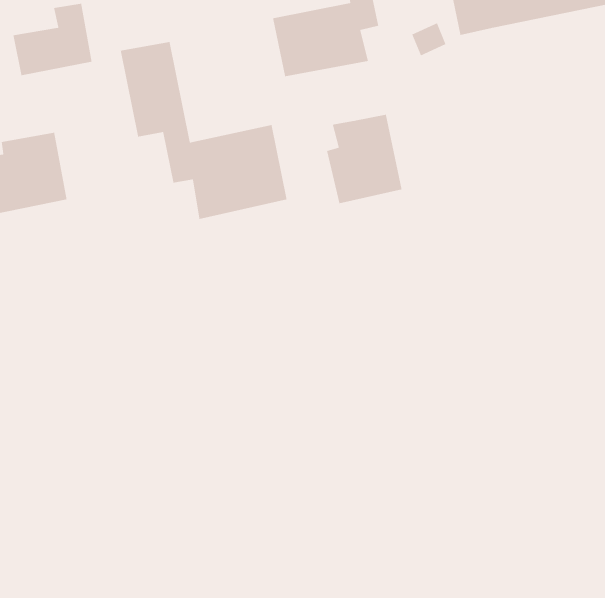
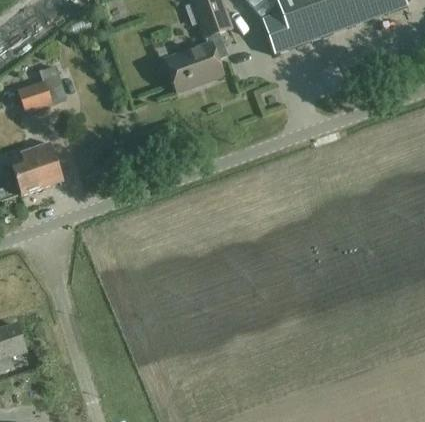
building: [120,41,287,220] -> none
building: [326,114,402,204] -> none

